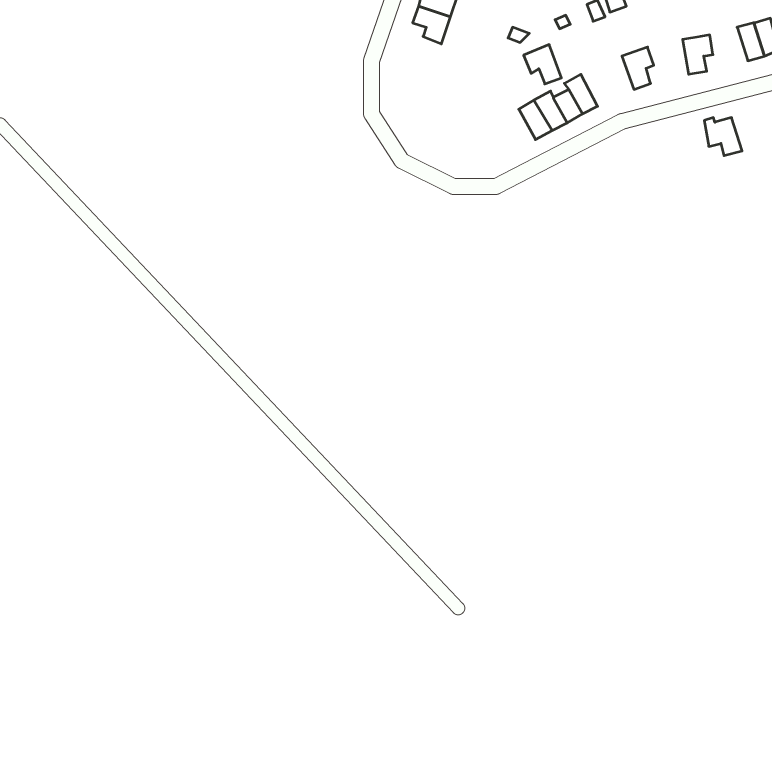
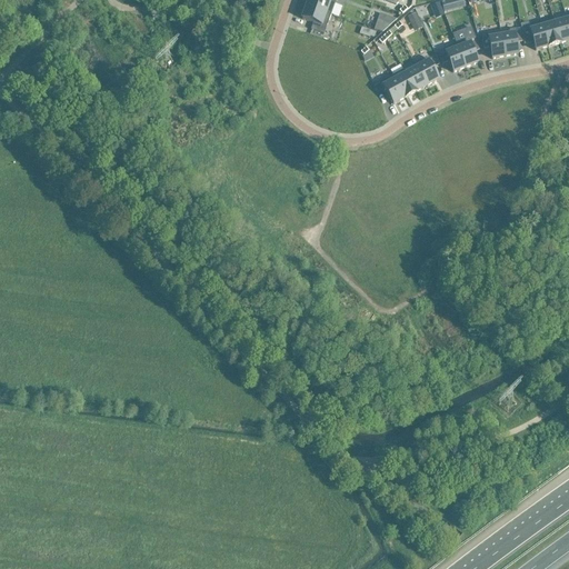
building: none -> [482,29,507,57]
building: [524,45,561,84] -> [439,41,467,70]
building: [704,118,742,156] -> [522,20,550,48]

